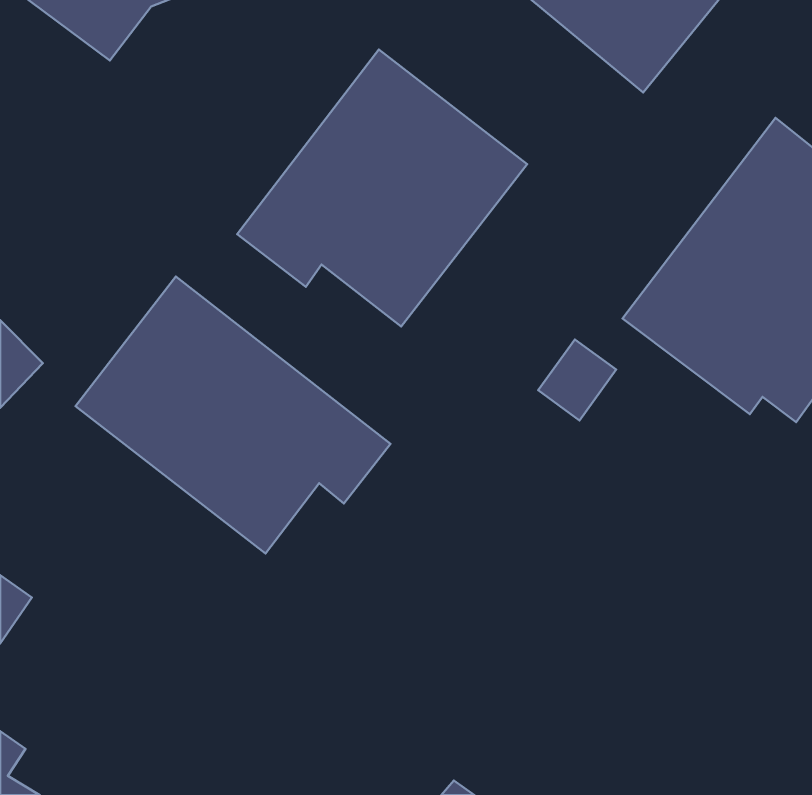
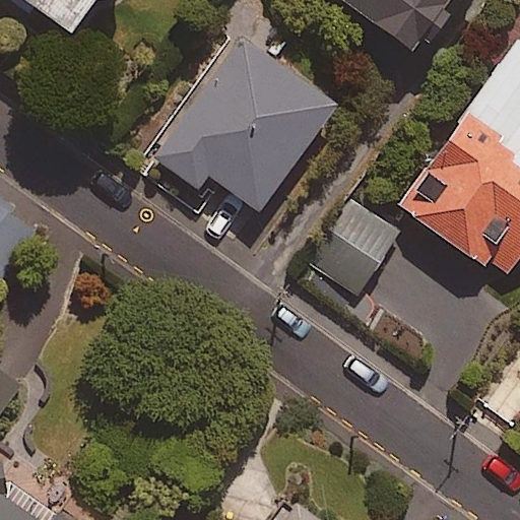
building: [75,276,391,553] -> none

